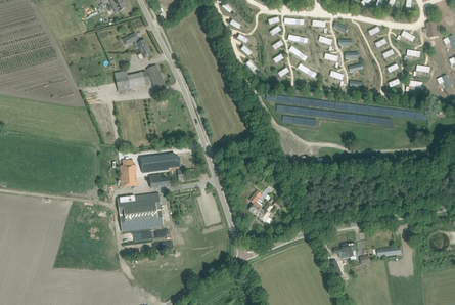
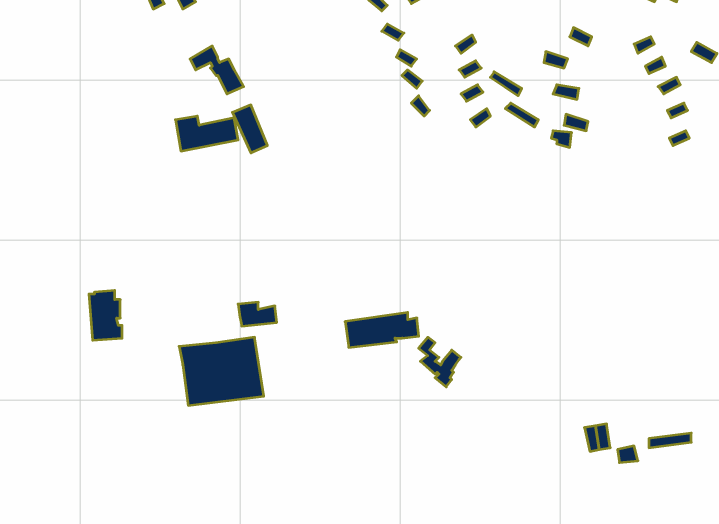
building: [139,152,180,172] -> [345,312,419,347]
building: [118,159,136,186] -> [89,290,122,340]

